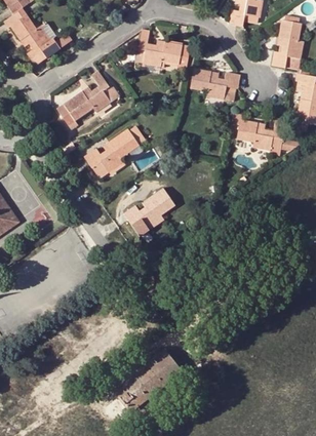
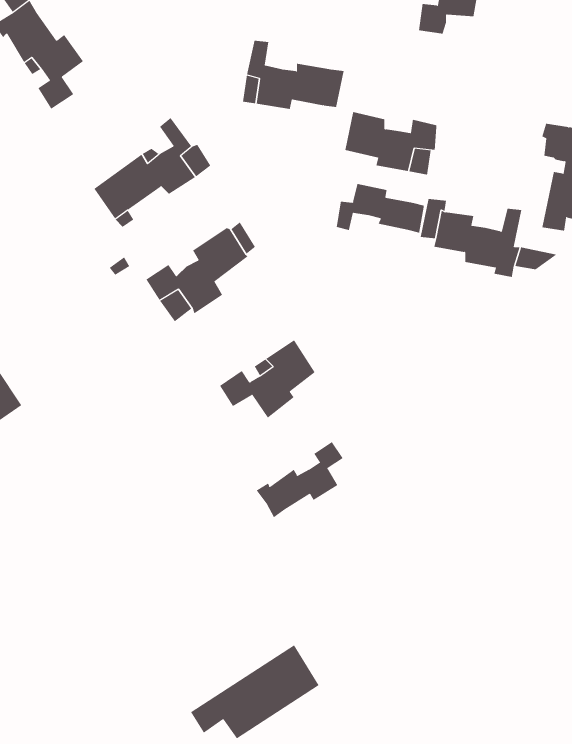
building: [271,18,303,68] -> none
building: none -> [336,183,424,233]
building: none -> [256,441,343,518]

